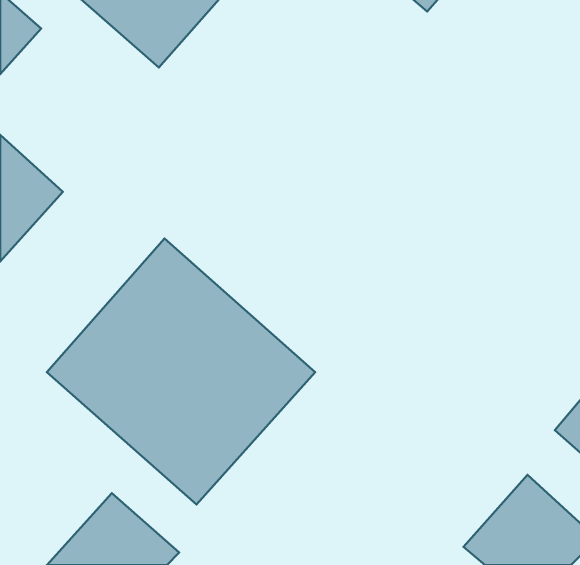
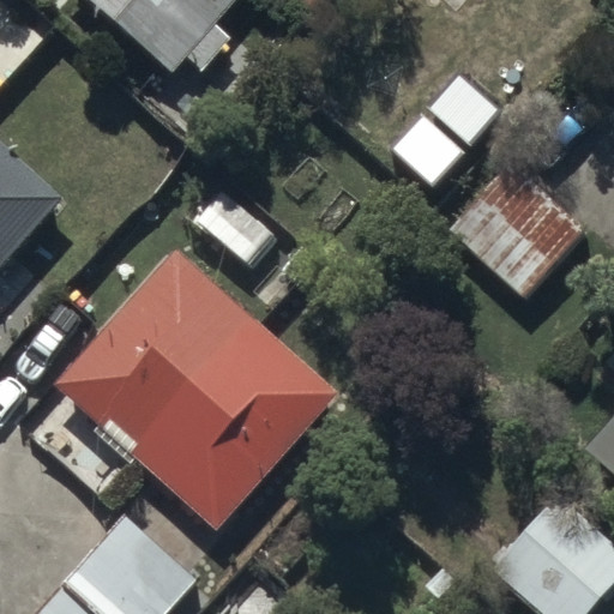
building: none -> [449,163,585,297]

